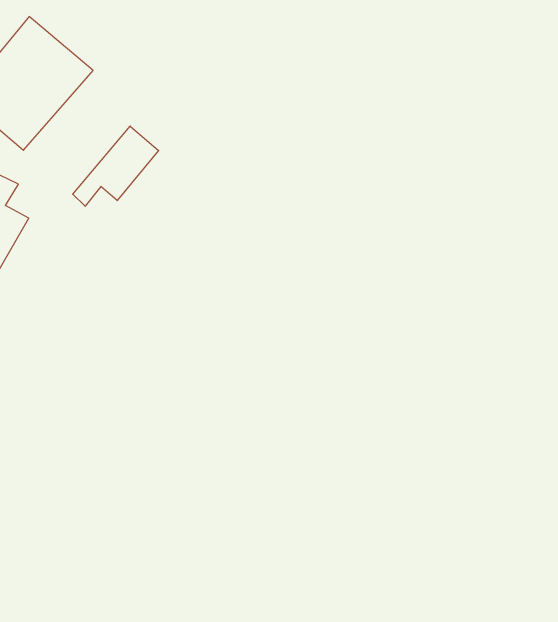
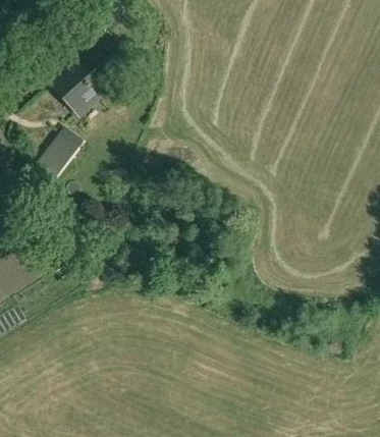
building: [73,126,159,206] -> none

